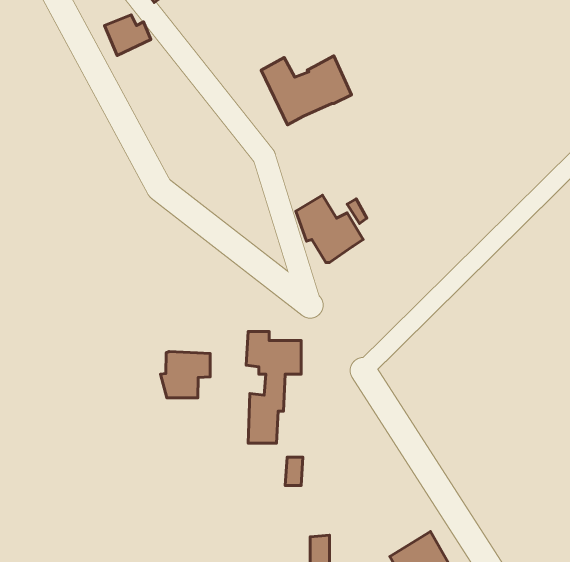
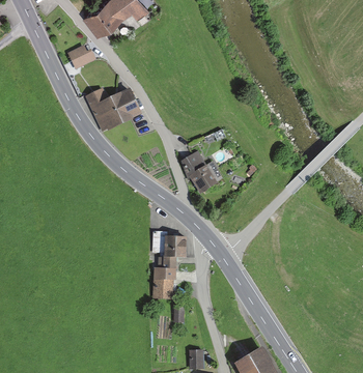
building: [261,56,351,125] -> [87,90,140,131]
building: [160,352,210,398] -> none

